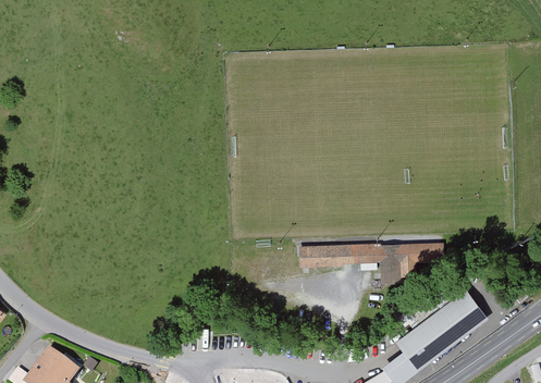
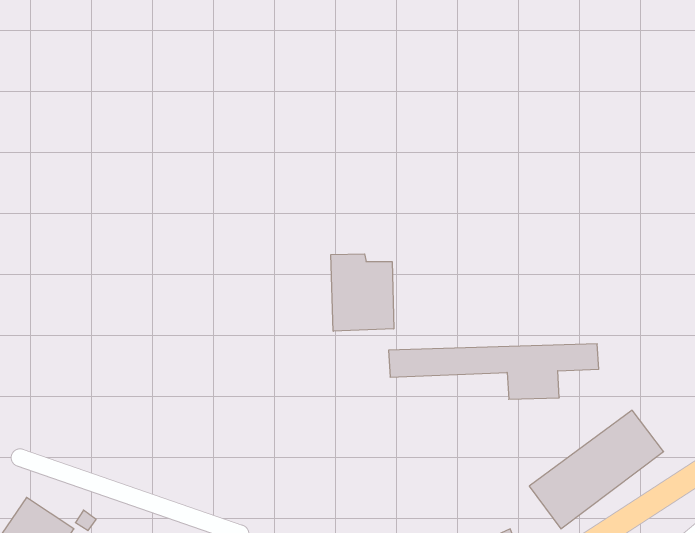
building: none -> [331,254,394,331]

